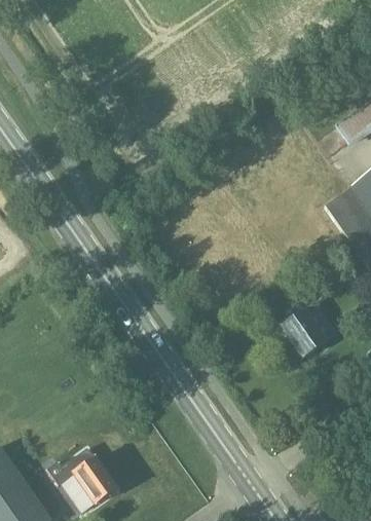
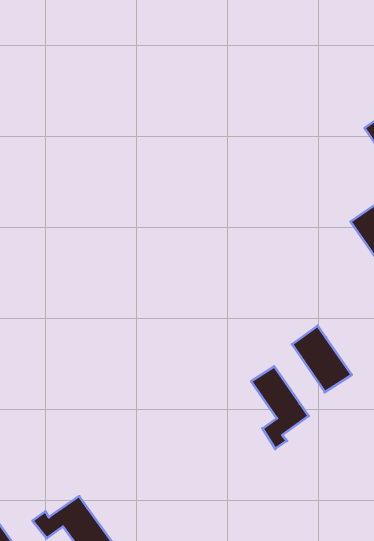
building: none -> [251,366,309,449]

